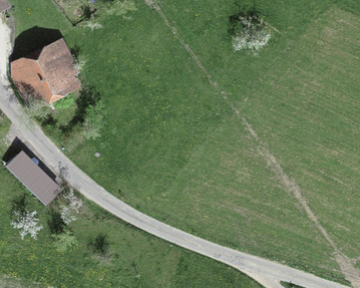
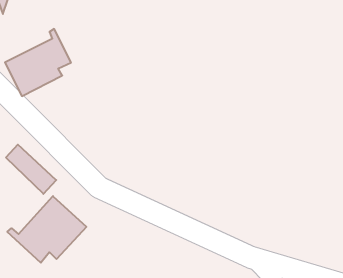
building: none -> [7,196,86,263]

